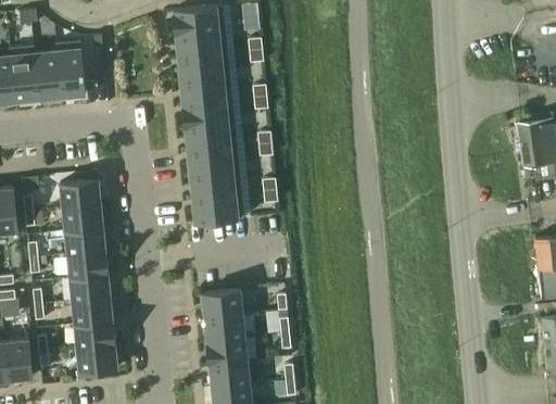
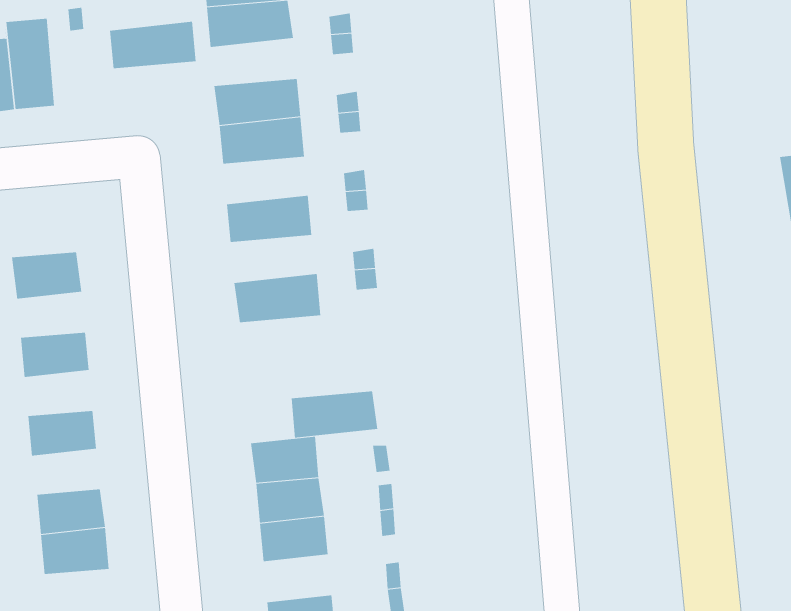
building: [177,52,229,80] -> [109,21,197,69]
building: [185,123,236,151] -> none
building: [189,169,241,198] -> [291,391,378,438]
building: [62,203,103,230] -> none
building: [66,250,108,277] -> none
building: [71,296,112,324] -> none
building: [208,359,250,388] -> none

